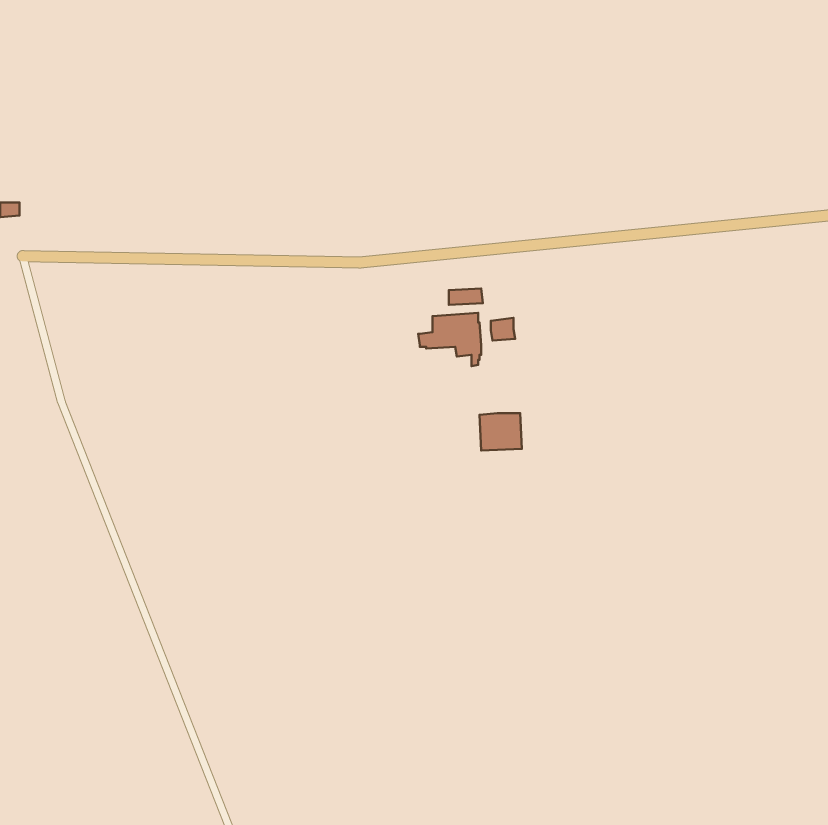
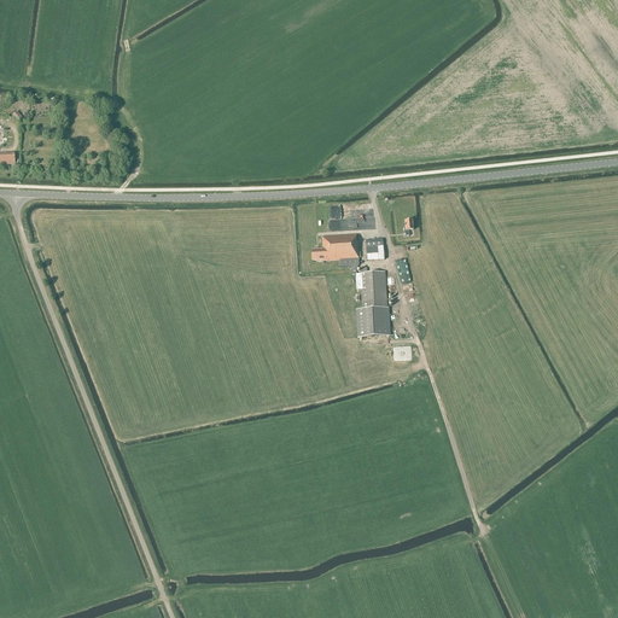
building: none -> [355,266,387,309]

